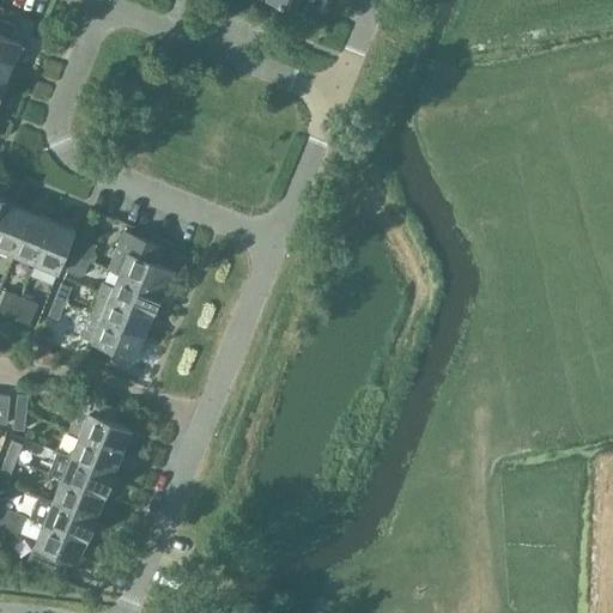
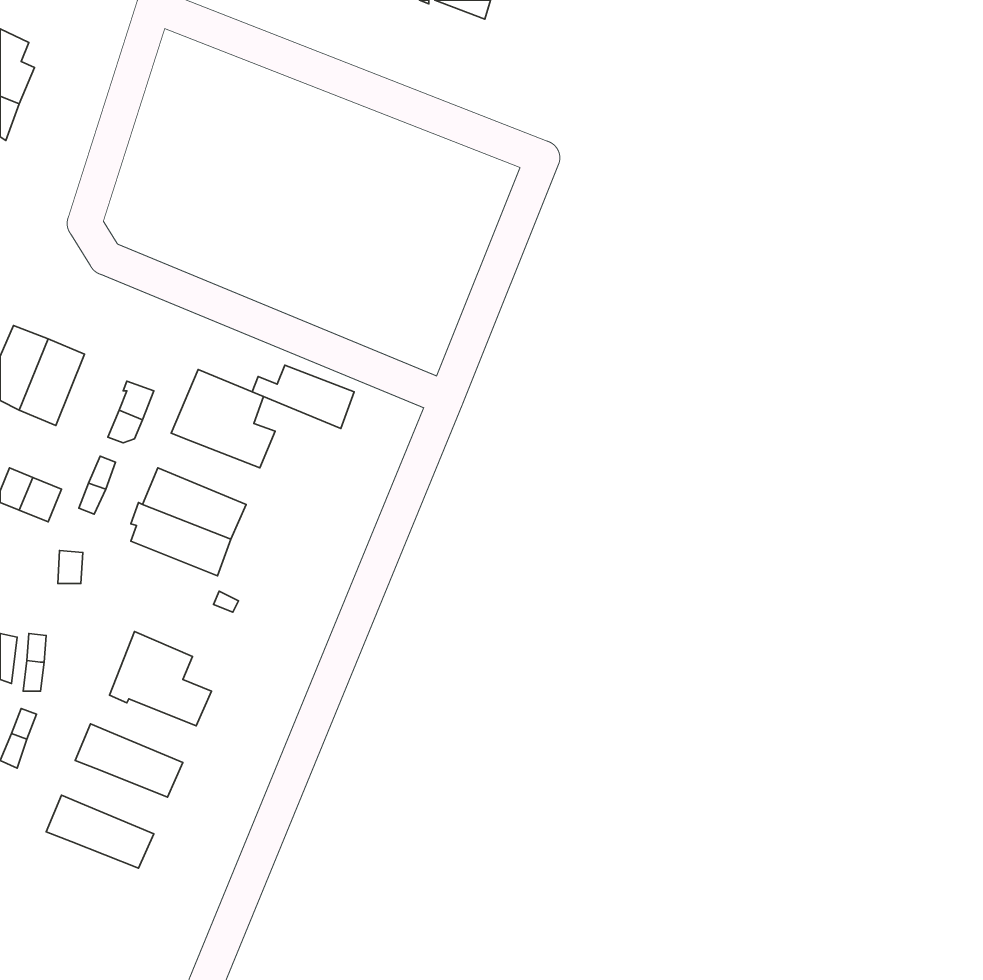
building: [35,223,75,275] -> none
building: [98,277,162,316] -> [252,365,354,429]
building: [71,437,122,477] -> none
building: [53,481,104,521] -> none
building: [28,526,86,578] -> none

